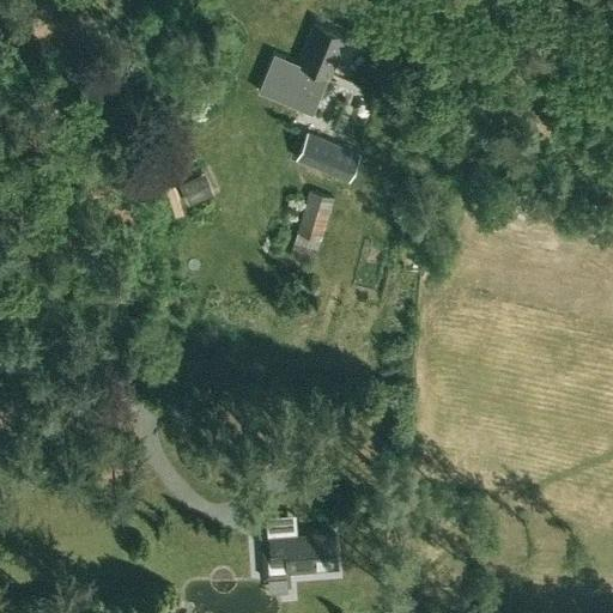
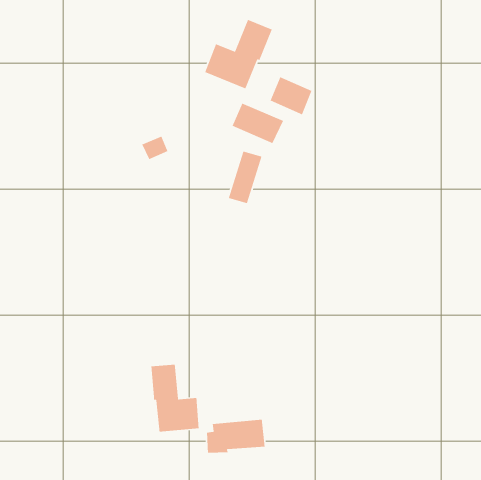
building: none -> [269,76,313,116]
building: none -> [150,364,199,433]

